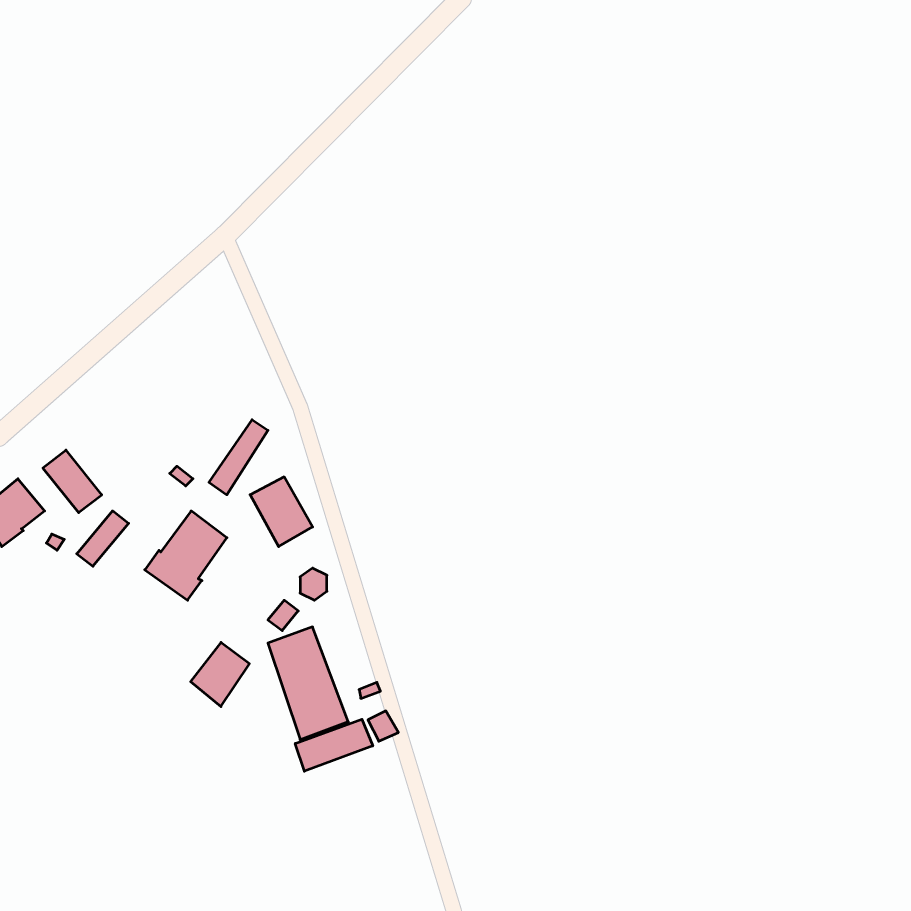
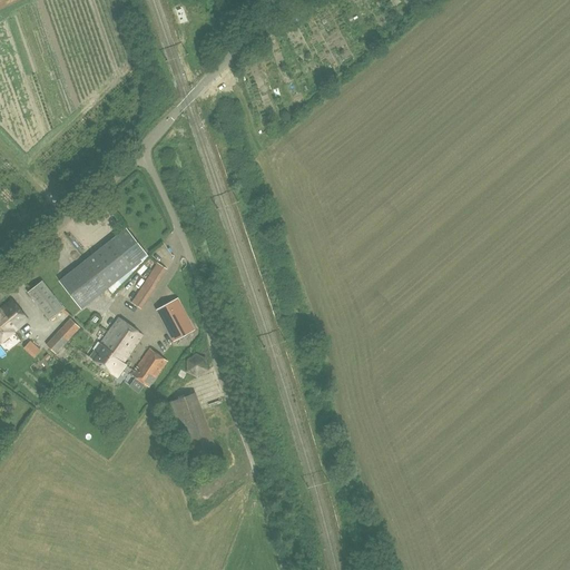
building: none -> [58,226,146,307]
building: [191,642,249,707] -> [130,347,167,387]
building: [295,719,373,771] -> none

